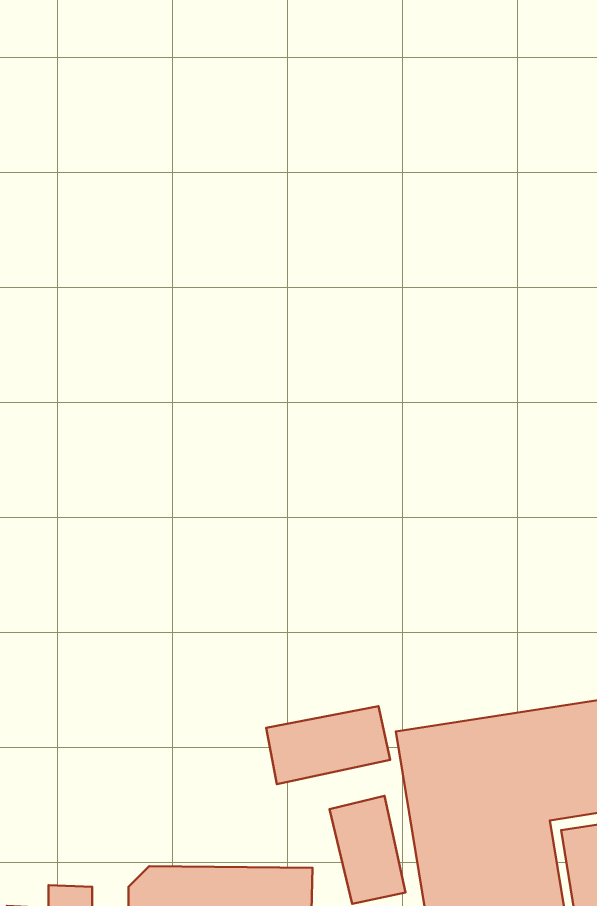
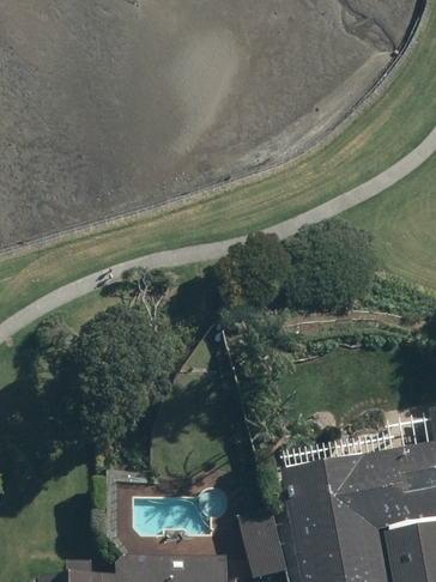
building: [266,706,390,784] -> none

